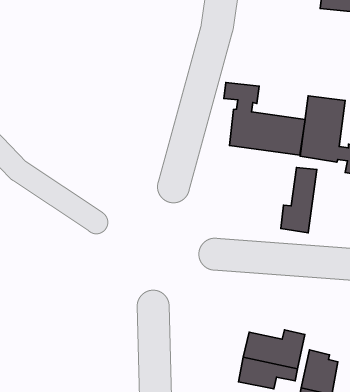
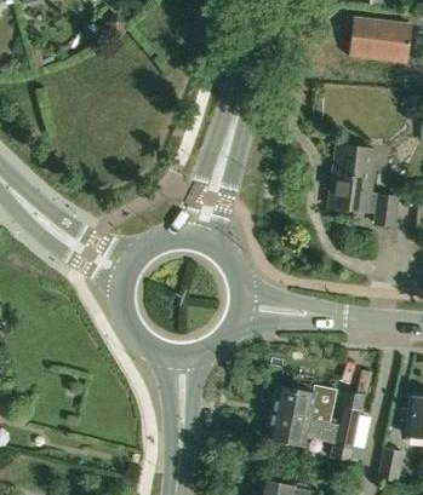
building: [224,82,305,155] -> none
building: [281,167,317,233] -> none

